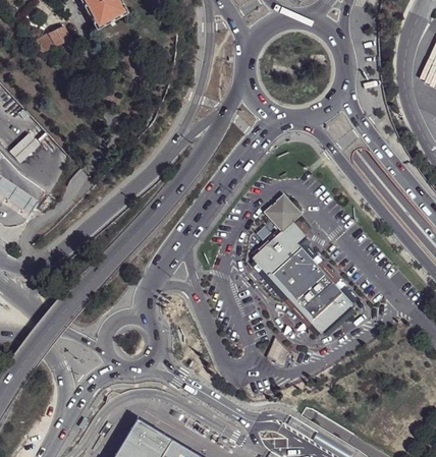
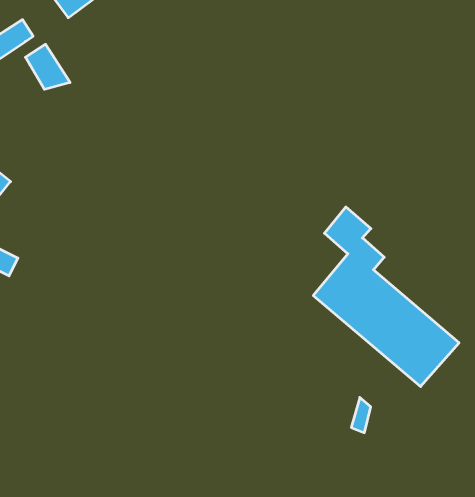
building: none -> [25,44,70,89]

